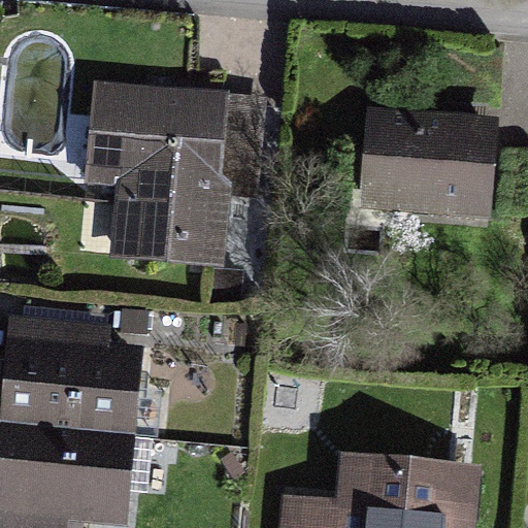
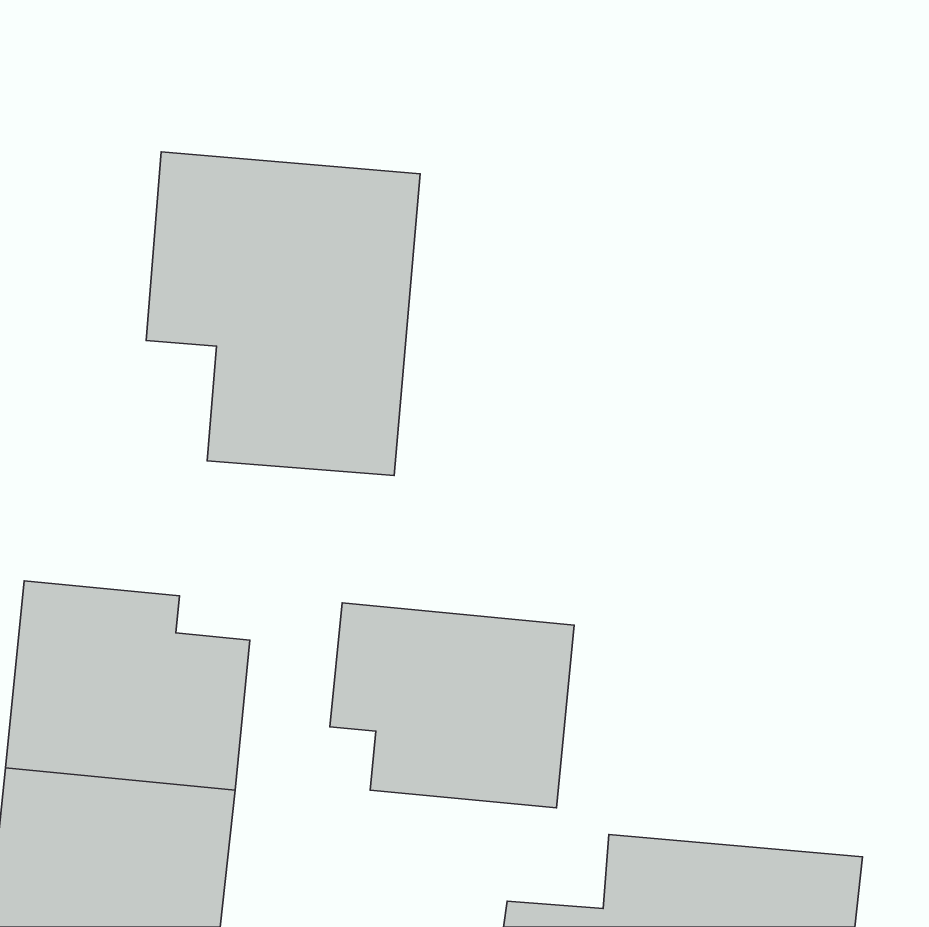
building: [359,112,500,217] -> none
building: none -> [330,603,574,808]

